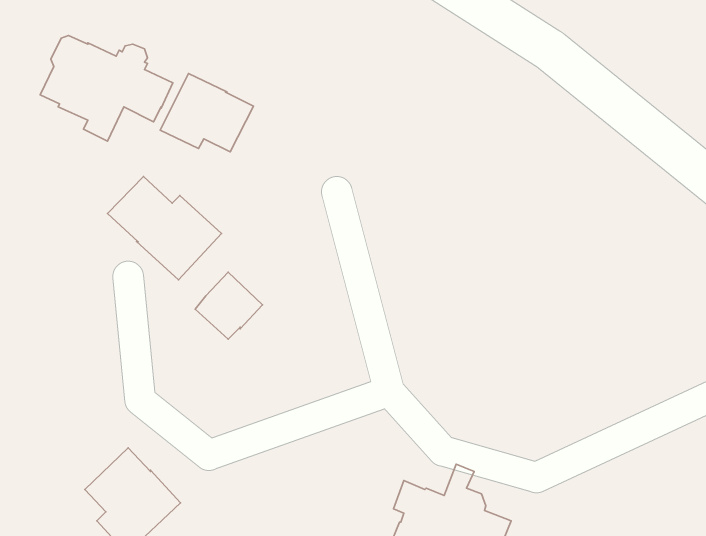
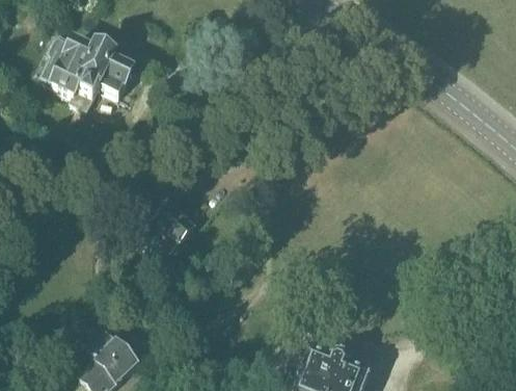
building: [160,74,254,152] -> none
building: [108,176,222,280] -> none

